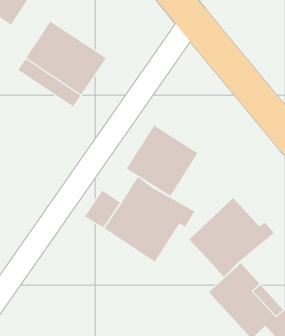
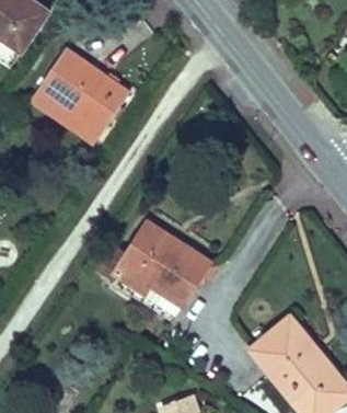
building: [126,125,198,197] -> none
building: [189,197,275,278] -> none

